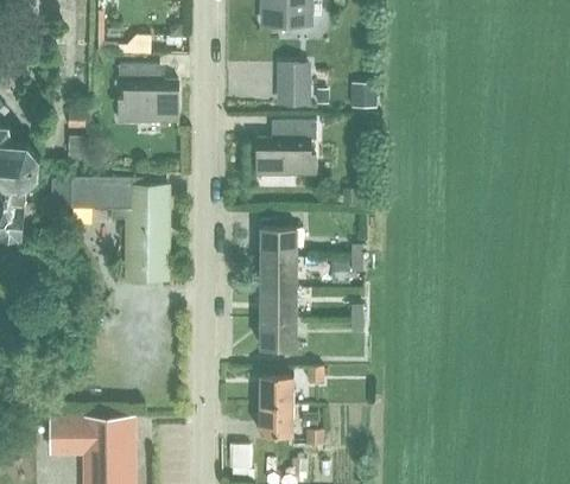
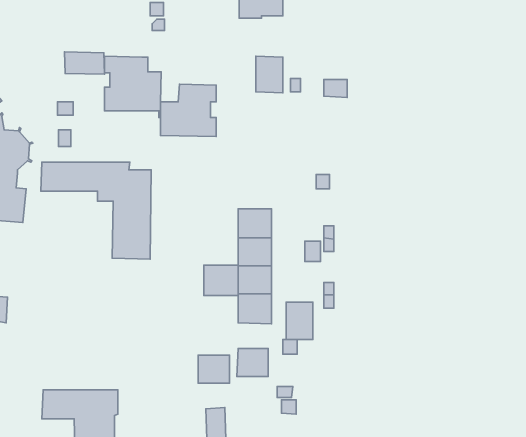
building: none -> [64,52,104,74]
building: [256,120,316,176] -> [160,84,216,137]
building: none -> [204,265,238,295]
building: none -> [286,302,313,340]
building: [259,405,292,434] -> [198,355,230,383]

